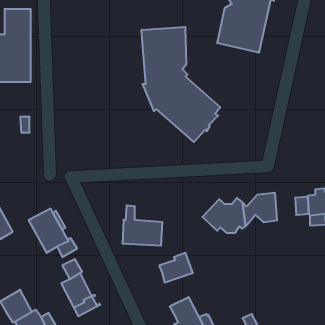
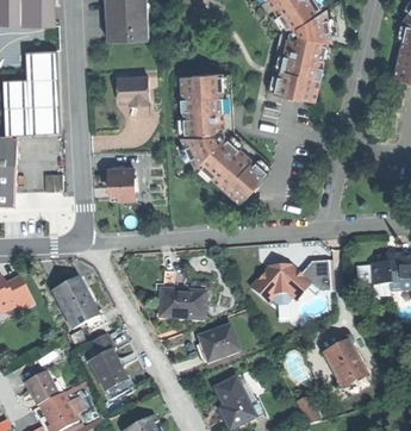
building: none -> [118,75,150,104]
building: none -> [108,167,135,199]
building: none -> [323,339,367,387]

